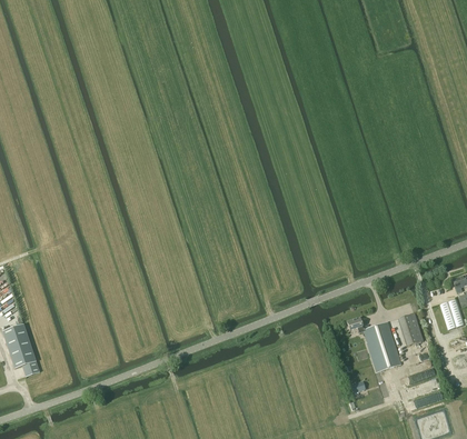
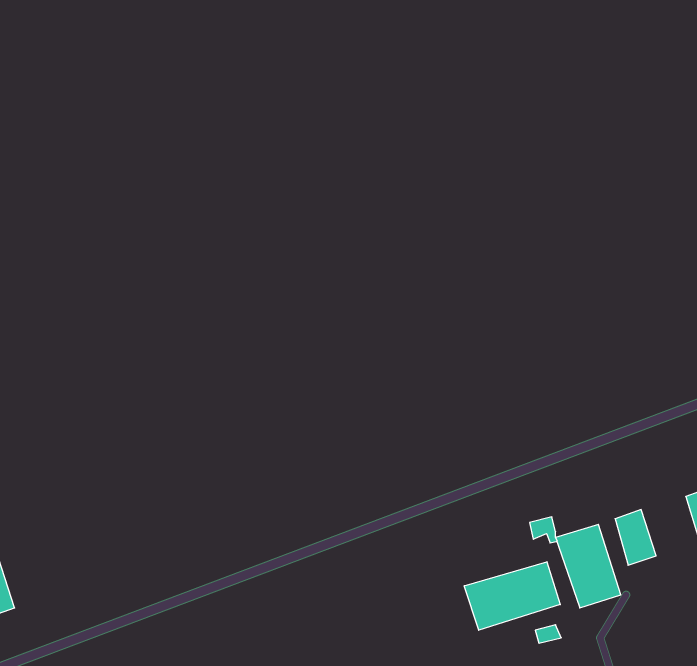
building: none -> [464,562,560,630]

